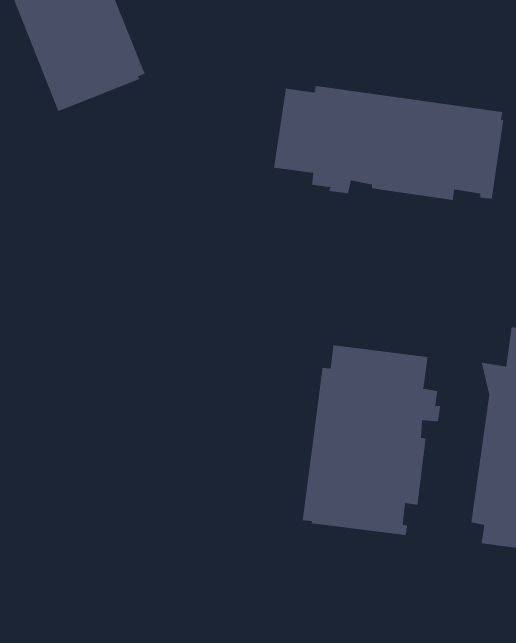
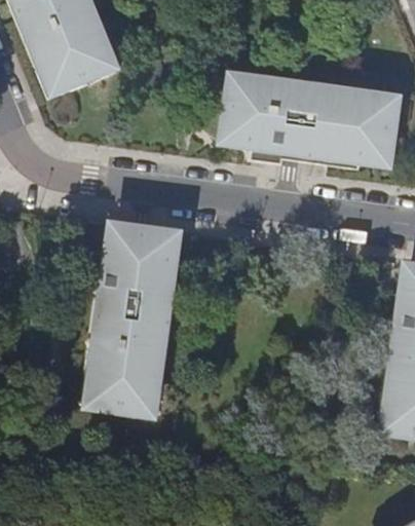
building: none -> [79,224,177,409]
building: [302,345,441,536] -> none

